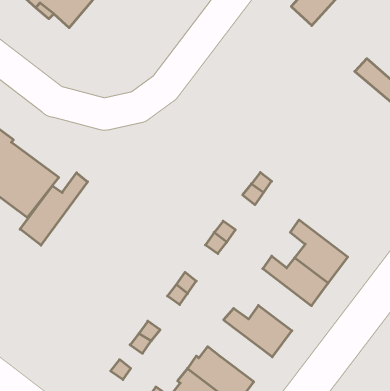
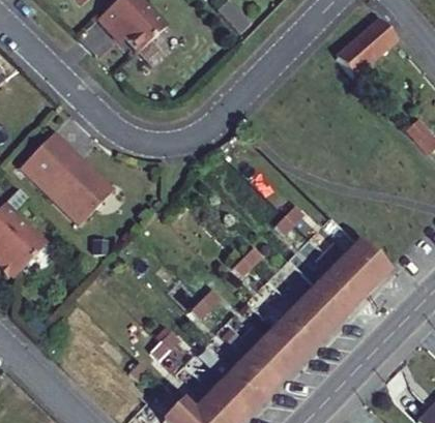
building: [20,173,88,245] -> none
building: none -> [325,244,385,294]
building: none -> [268,295,327,355]
building: none -> [236,337,286,397]

